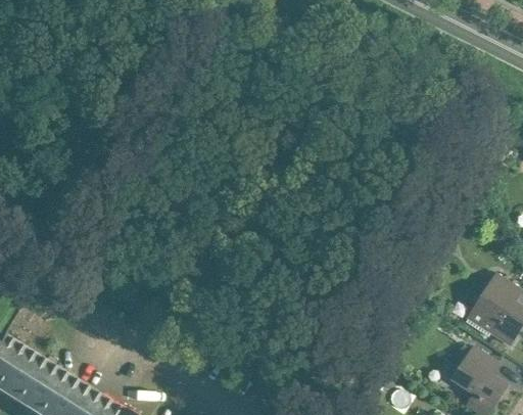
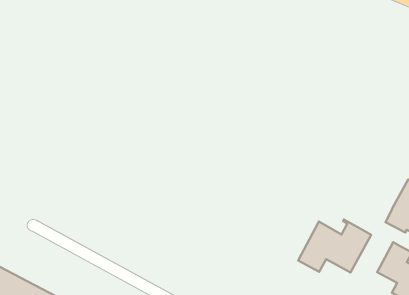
building: none -> [298,220,371,273]

